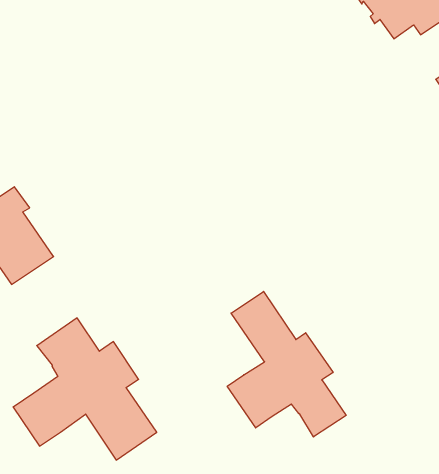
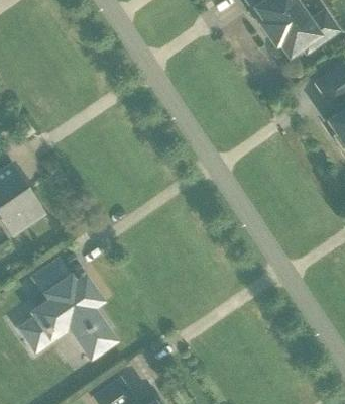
building: [227,291,346,437] -> none

